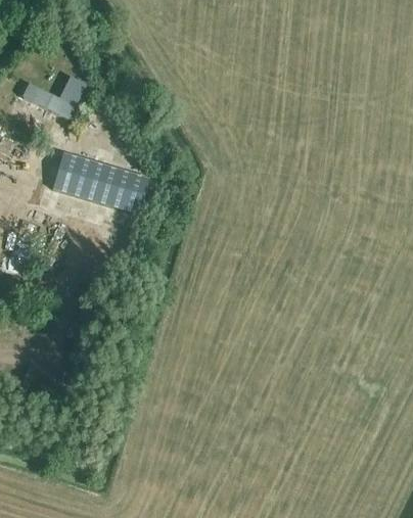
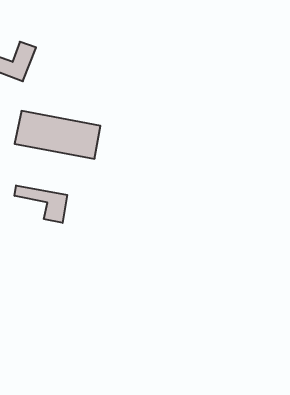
building: none -> [15,185,67,223]

